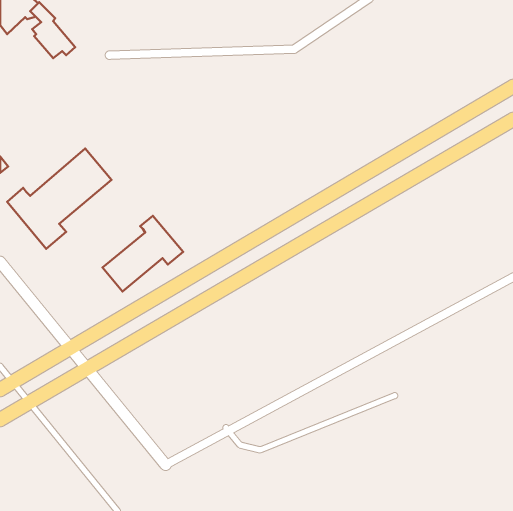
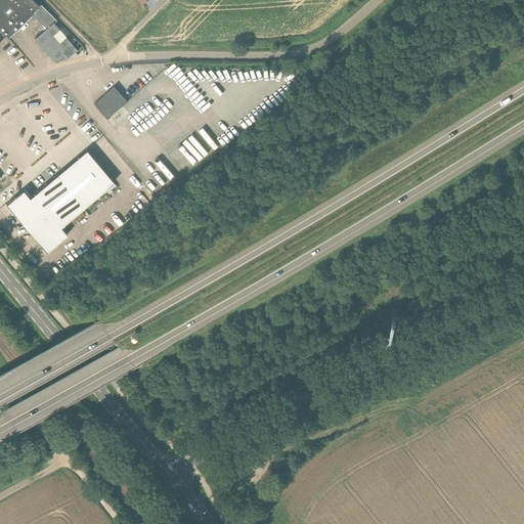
building: none -> [94,87,127,119]
building: [103,216,183,292] -> none

